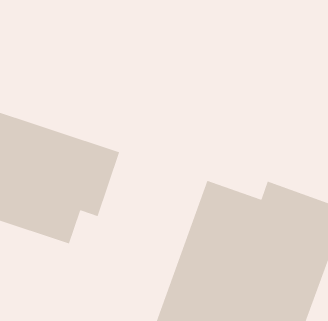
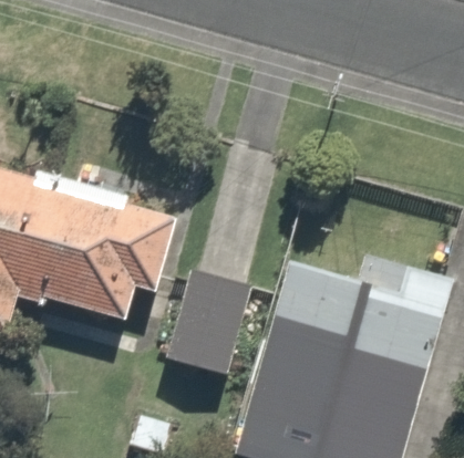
building: none -> [151,272,249,387]

